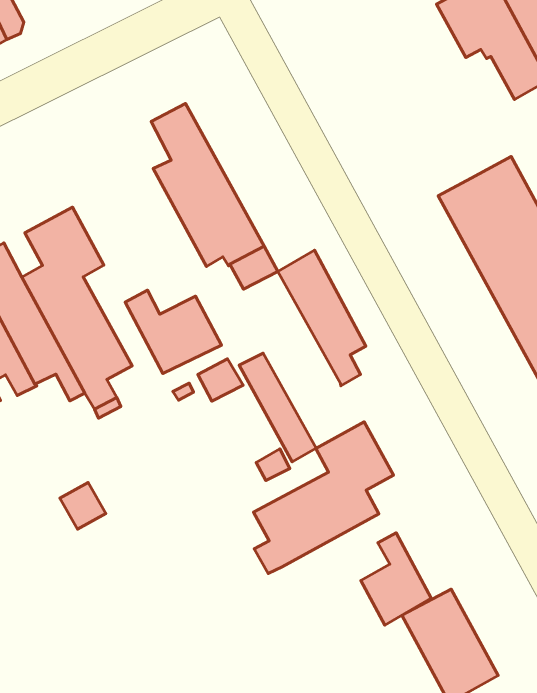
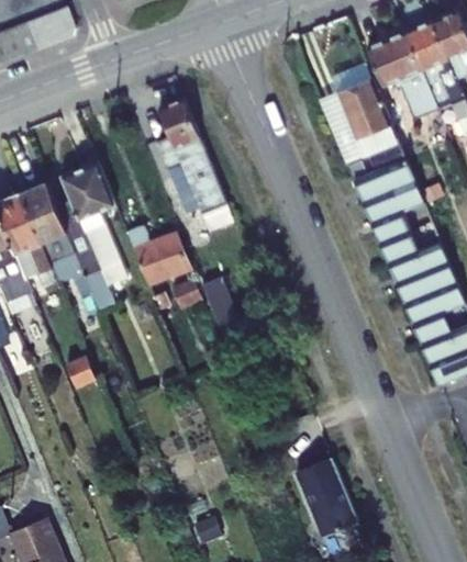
building: none -> [335,77,405,171]
building: [278,250,366,386] -> none
building: [254,422,394,574] -> none
building: [361,533,431,625] -> none

